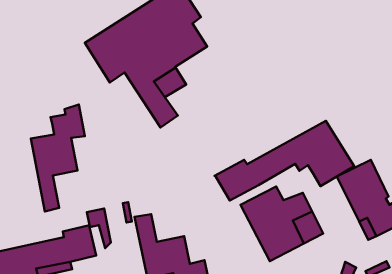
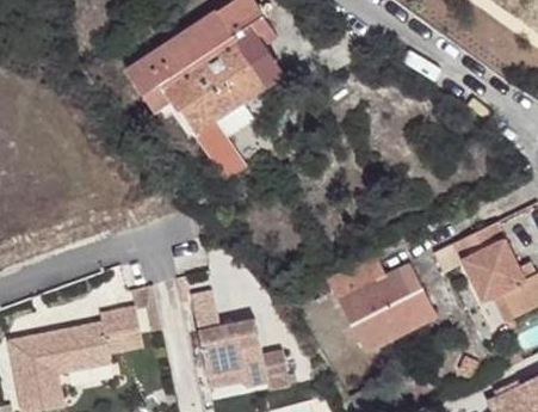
building: [31,105,85,211] -> none
building: [215,121,354,200] -> none

